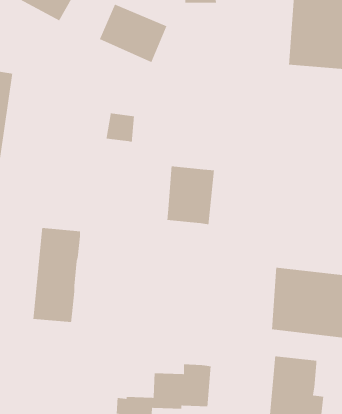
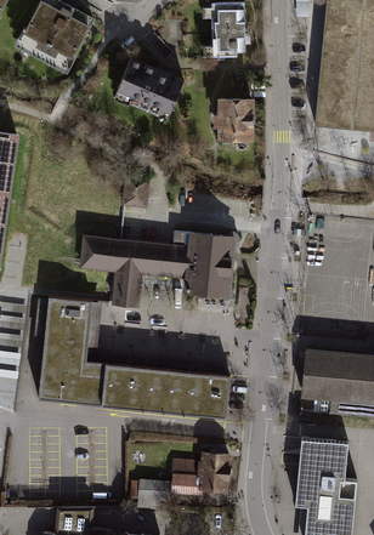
building: none -> [220,96,256,142]
building: none -> [81,235,188,306]
building: none -> [83,362,231,417]

